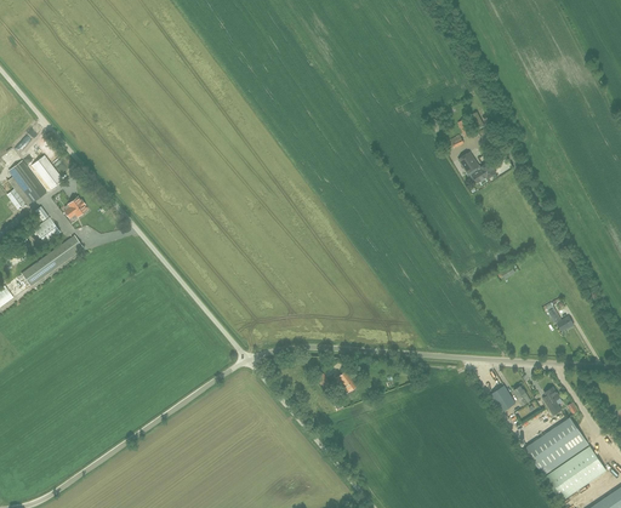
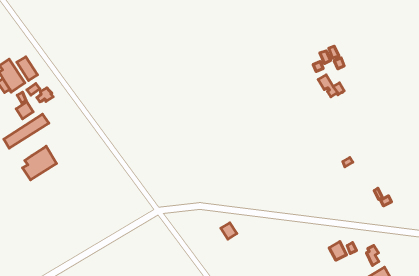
building: none -> [23,146,57,180]

